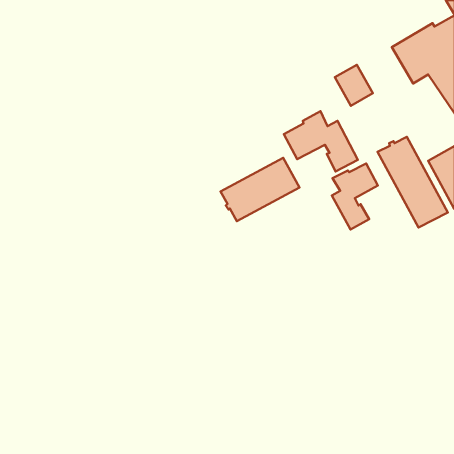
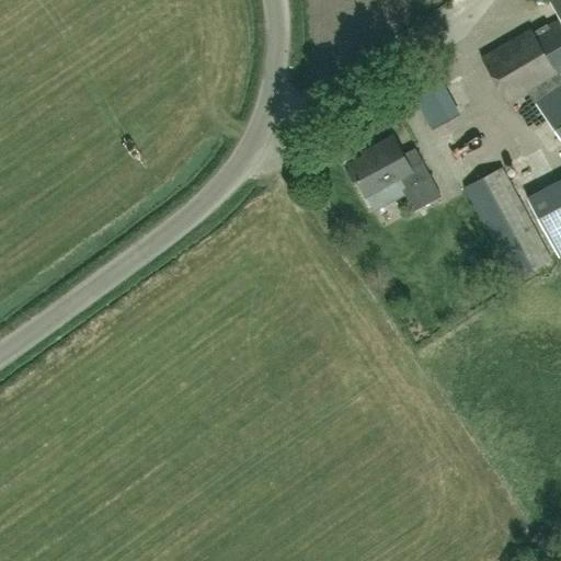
building: [220,158,300,221] -> none
building: [332,164,378,230] -> none

